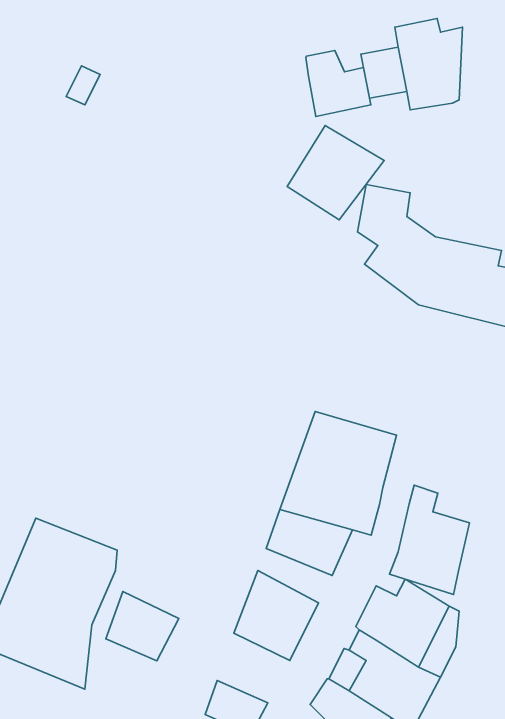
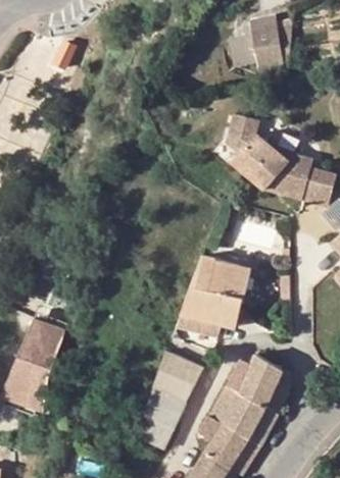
building: [306,50,371,117] -> none
building: [287,125,384,220] -> none
building: [389,485,469,594] -> none
building: [106,591,179,661] -> [142,387,186,429]

